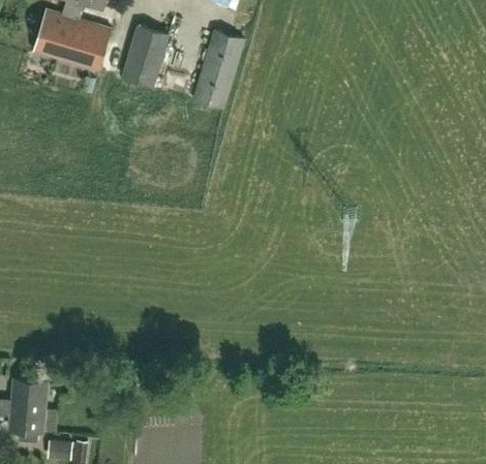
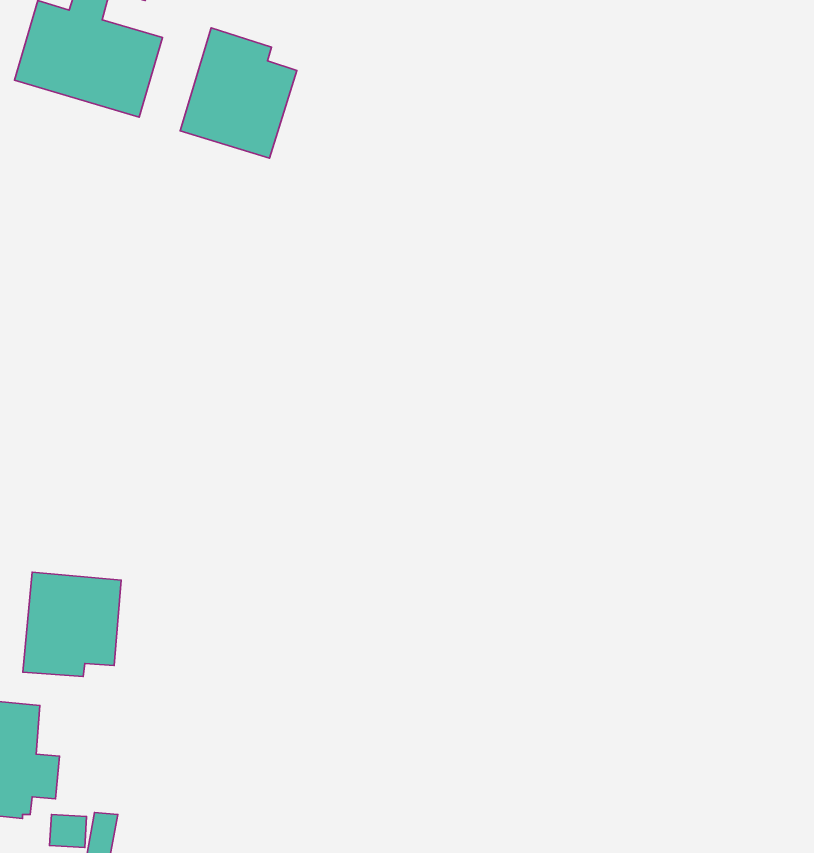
building: [192,29,245,110] -> none
building: none -> [23,572,121,677]

